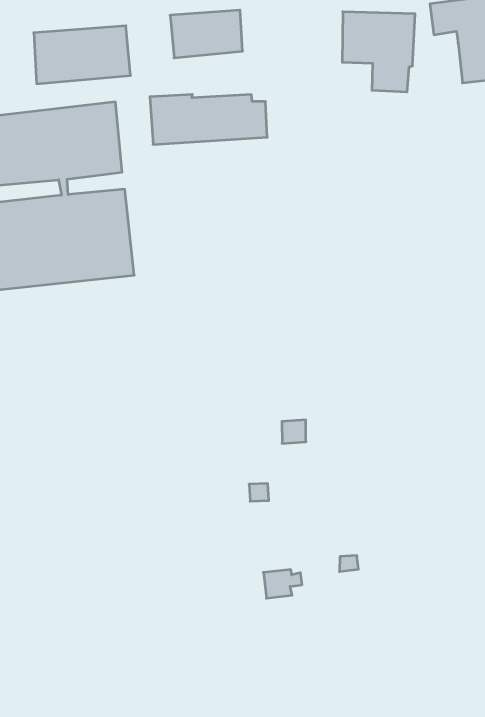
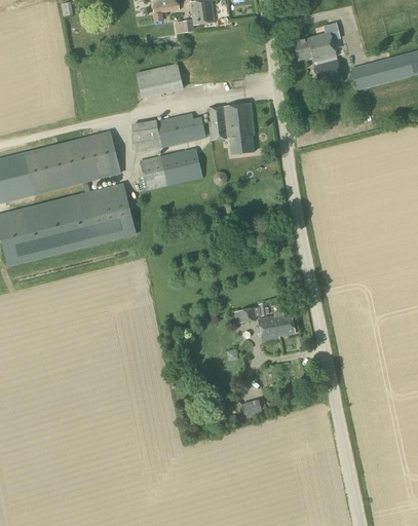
building: [342,12,415,92] -> [206,103,254,153]
building: [34,26,131,84] -> [140,147,202,190]
building: none -> [258,314,294,340]

